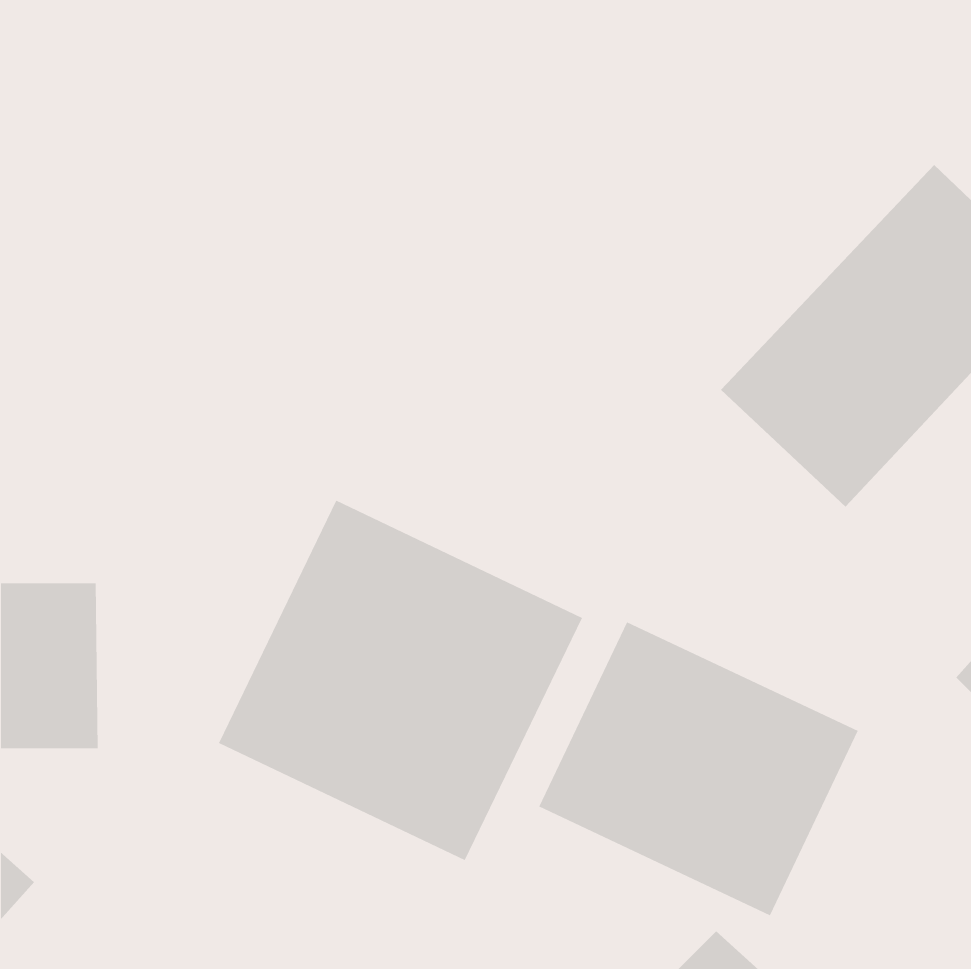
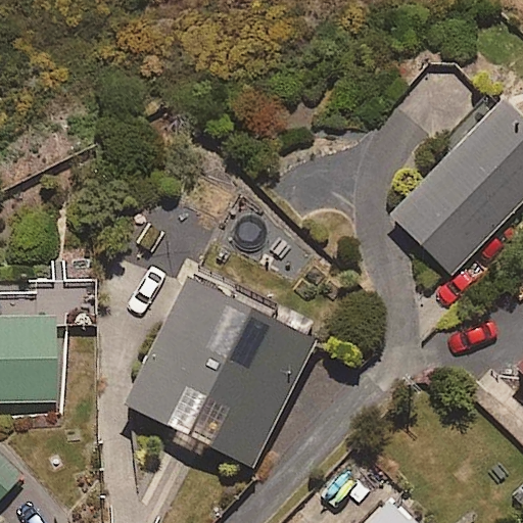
building: [538,621,859,916] -> none

